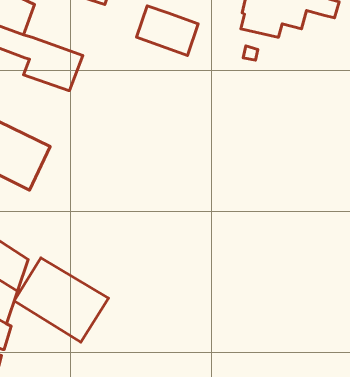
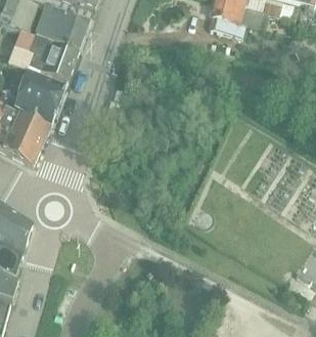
building: [136,6,198,56] -> [34,7,86,49]
building: none -> [13,71,64,121]
building: [14,258,108,342] -> none

